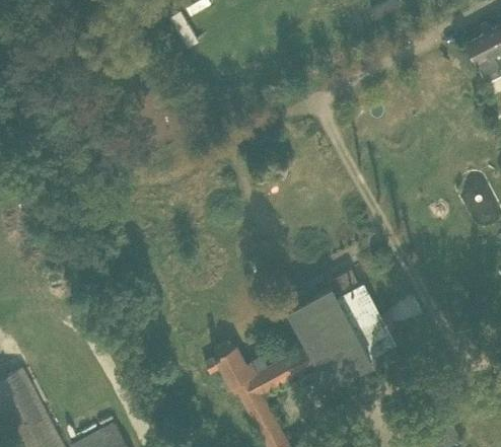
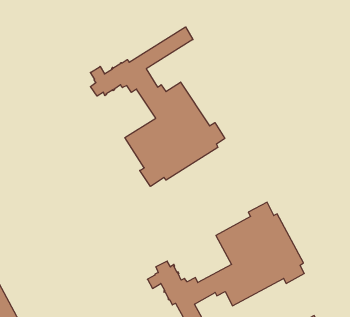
building: none -> [90,27,225,186]

